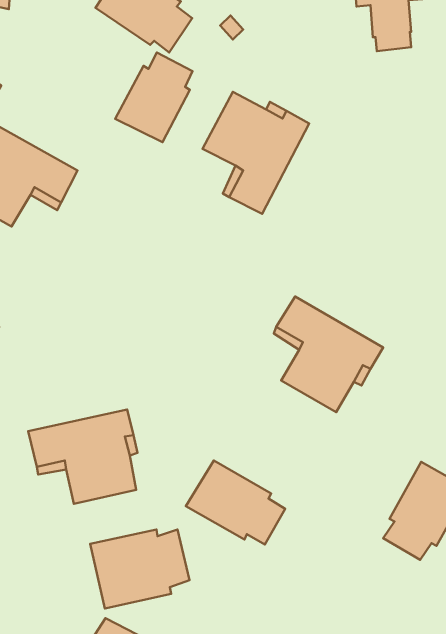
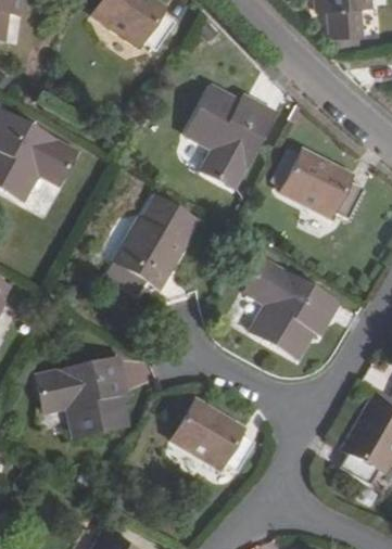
building: [115,53,193,142] -> none
building: none -> [271,149,363,219]
building: none -> [113,194,195,286]
building: [90,529,190,608] -> none

